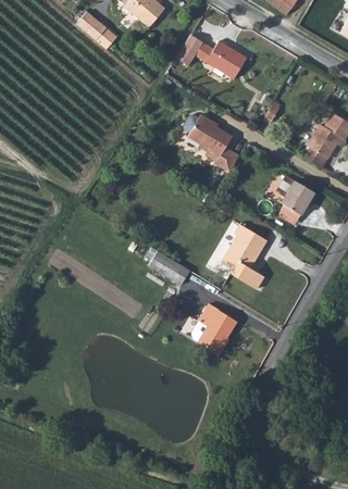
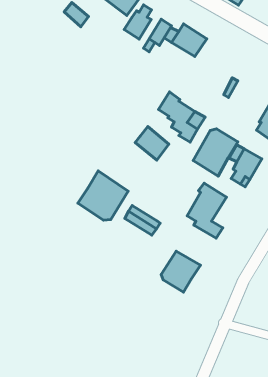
building: none -> [124,5,152,39]
building: none -> [135,126,169,160]
building: none -> [193,129,238,176]
building: none -> [78,171,128,220]

